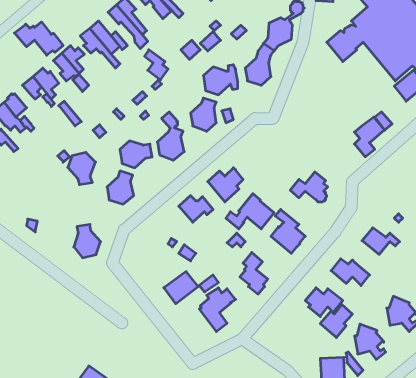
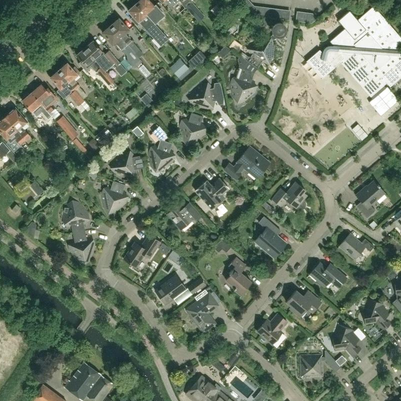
building: [14,22,63,55] -> none
building: [354,117,384,157] -> [356,181,384,218]
building: [68,152,96,185] -> [62,203,88,233]
building: [226,194,274,229] -> [224,146,269,179]
building: none -> [123,234,160,267]
building: [320,304,352,338] -> [257,313,287,344]

